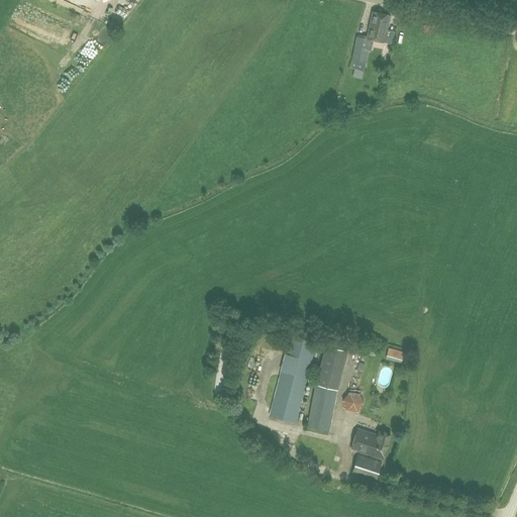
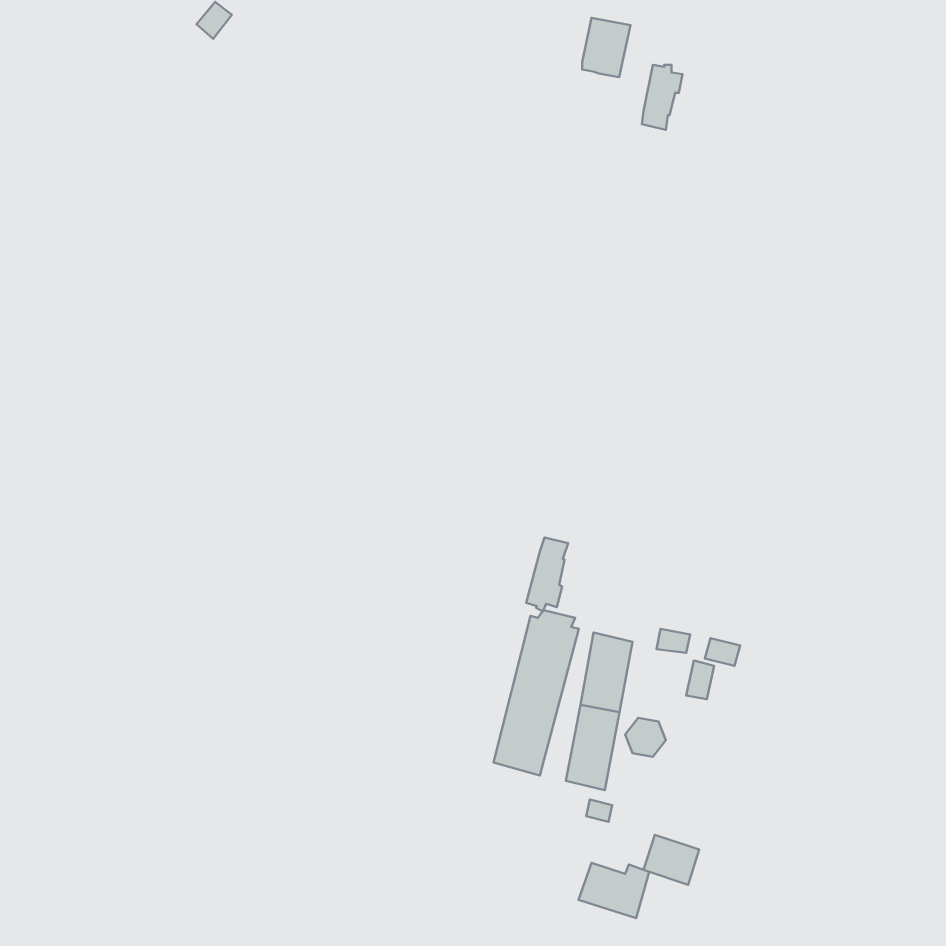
building: [366,12,392,44] -> [582,18,630,77]
building: none -> [526,538,568,611]
building: [350,430,389,460] -> [579,863,649,918]

